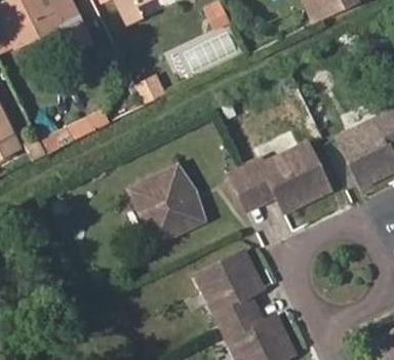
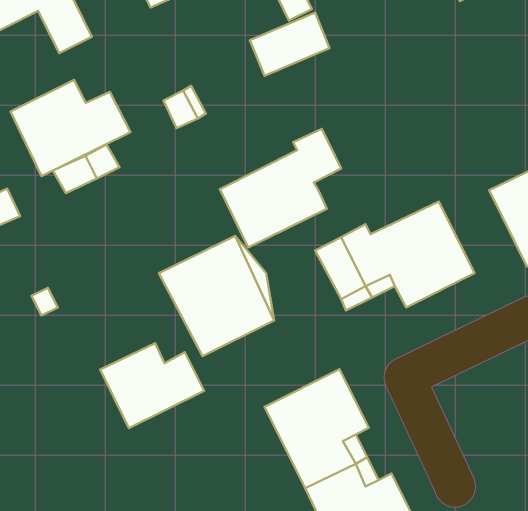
building: none -> [11,80,130,176]
building: none -> [220,129,341,247]
building: none -> [100,343,204,428]

